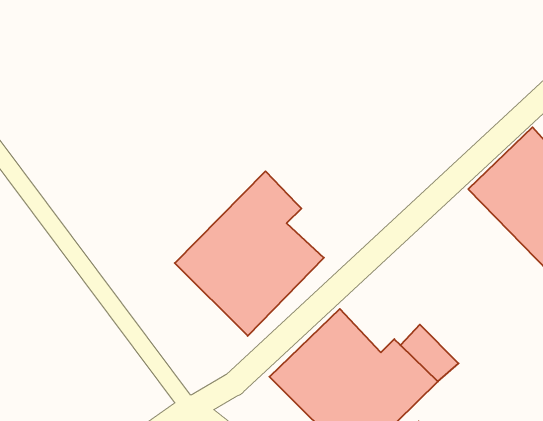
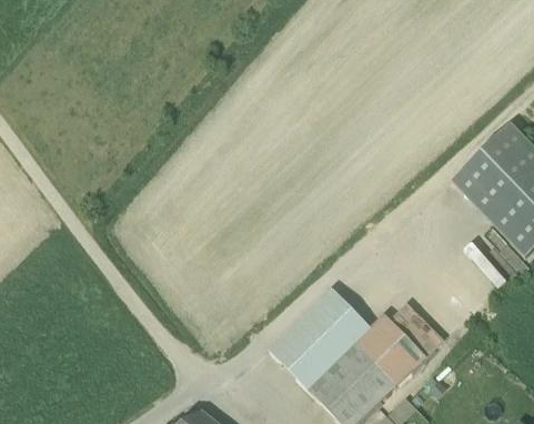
building: [175,171,324,336] -> none

